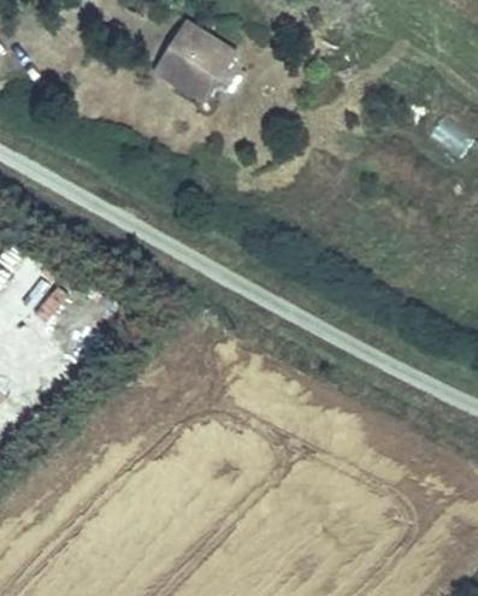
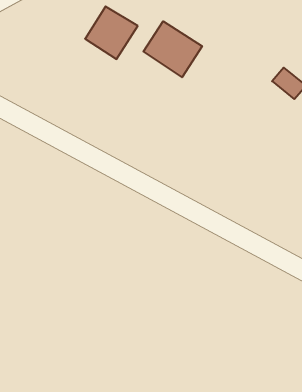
building: none -> [143,21,202,77]

